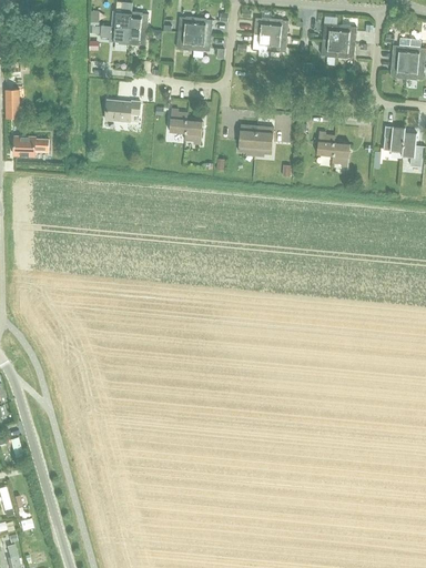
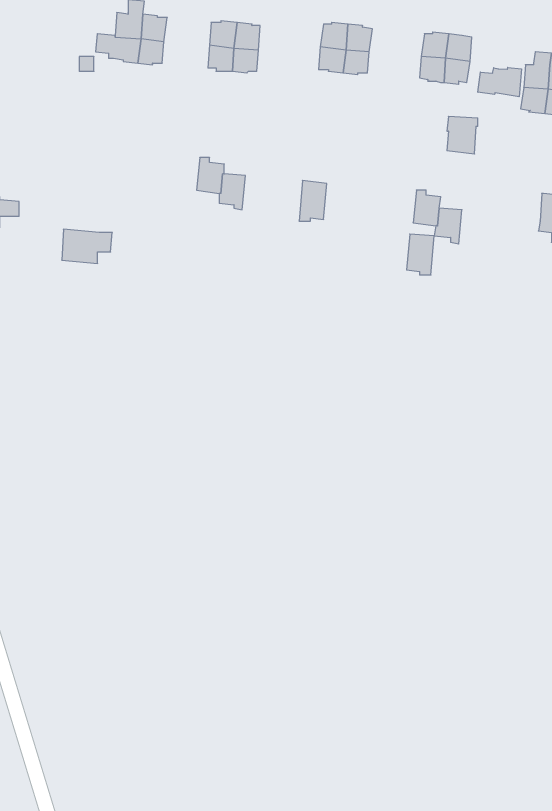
building: none -> [478,67,521,97]
building: [105,98,140,121] -> [62,229,112,263]
building: [255,125,274,153] -> [407,234,434,275]
building: [384,125,405,151] -> [447,116,478,154]

